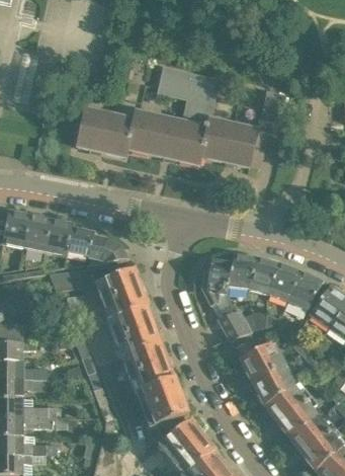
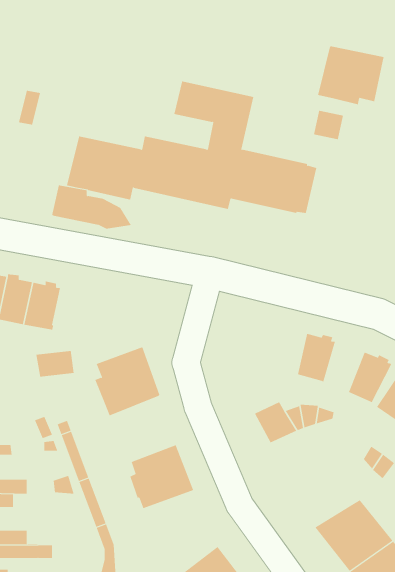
building: none -> [318,46,384,105]
building: [67,228,127,261] -> [51,185,132,229]
building: [202,252,258,305] -> none
building: [271,262,301,302] -> none
building: [107,305,160,354] -> none
building: [235,334,293,404] -> none
building: [135,376,189,429] -> none

